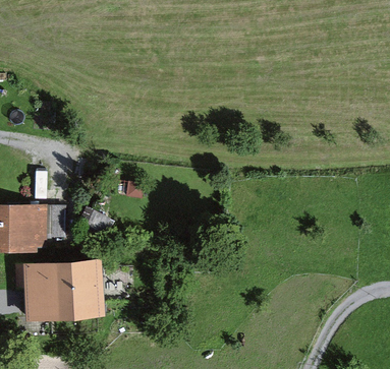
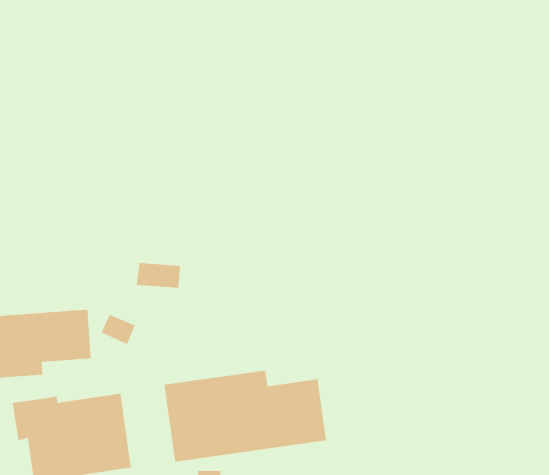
building: none -> [164,370,327,462]

